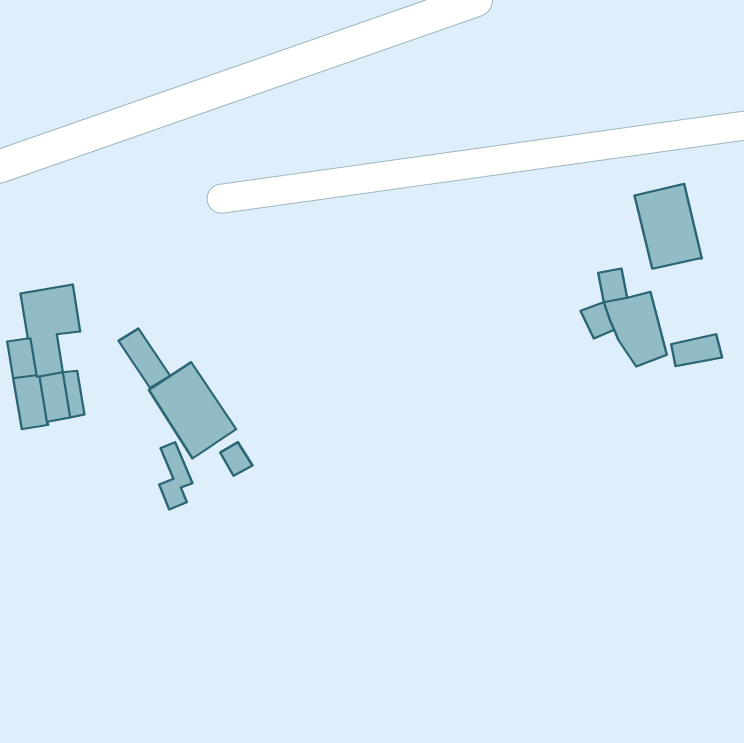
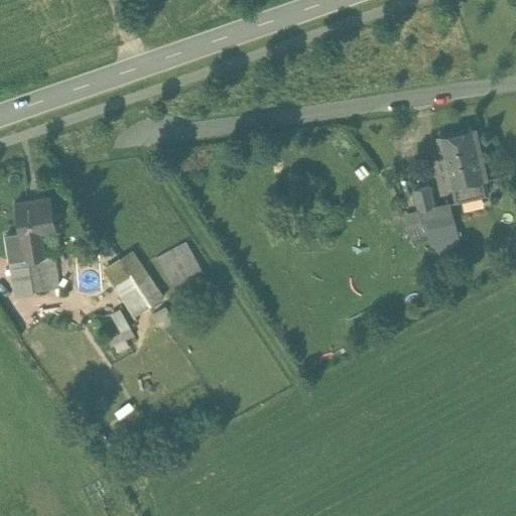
building: [118,328,170,388] -> none
building: [671,334,722,366] -> [452,180,487,203]
building: none -> [156,244,203,290]

